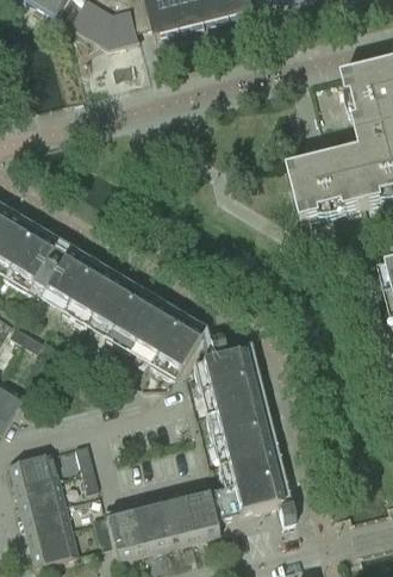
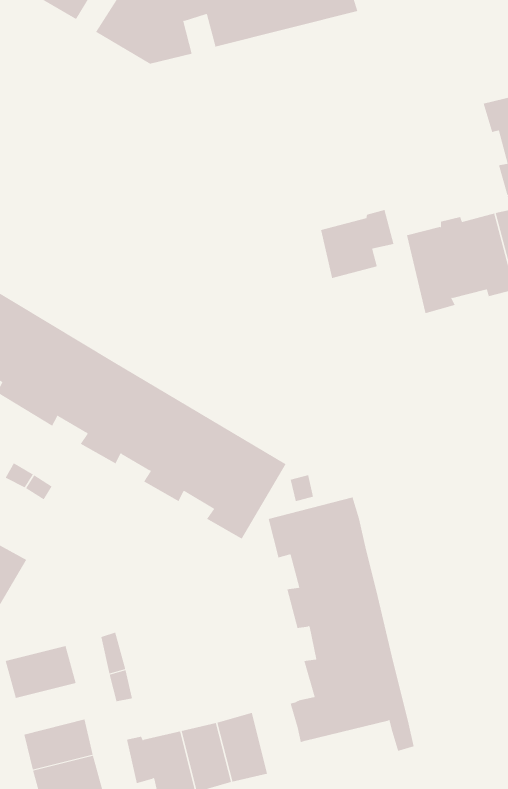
building: none -> [320,209,394,279]
building: [14,479,63,515] -> none
building: [180,494,217,542] -> none

